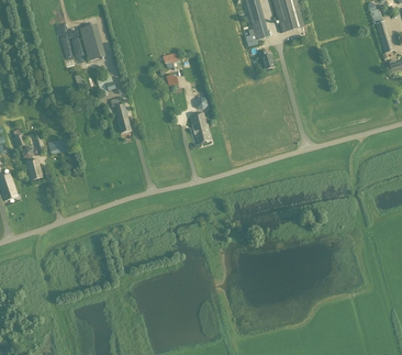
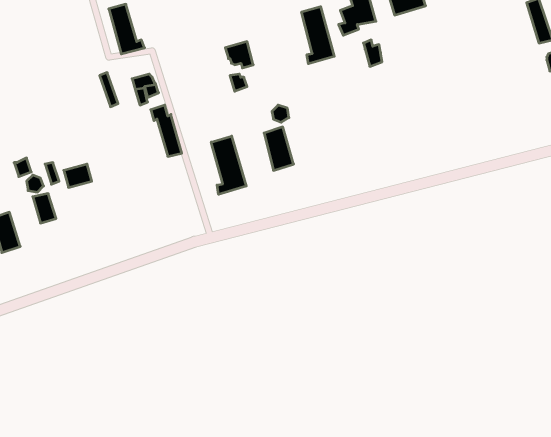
building: none -> [302,7,334,64]
building: none -> [211,136,246,194]

